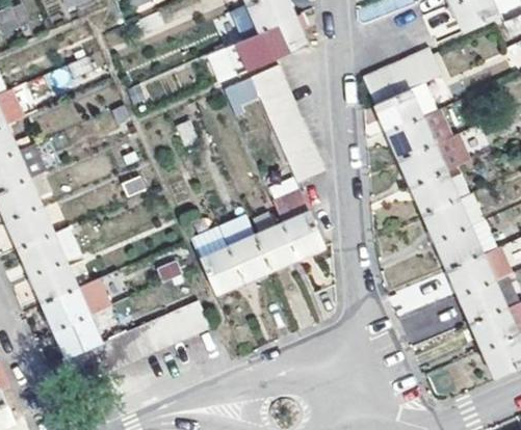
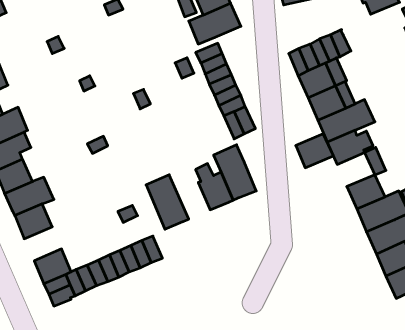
building: [423,198,469,240] -> [296,134,333,168]
building: [218,214,268,279] -> none
building: [42,279,109,330] -> none

